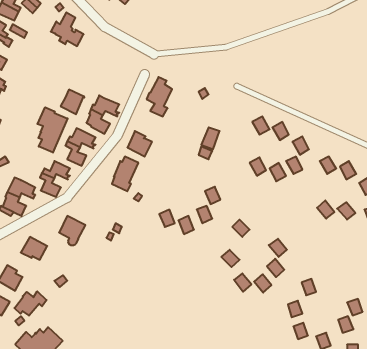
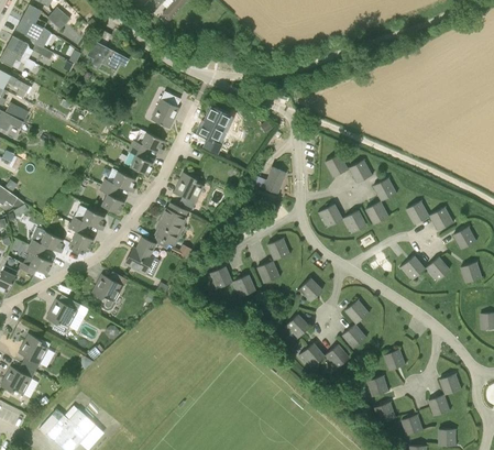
building: [61,90,84,114] -> [151,99,179,129]
building: [37,107,68,153] -> none
building: none -> [124,237,155,274]
building: [14,291,47,316] -> none

